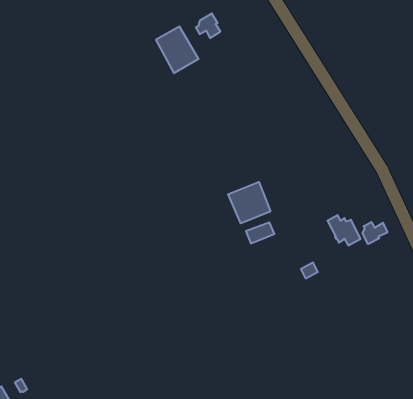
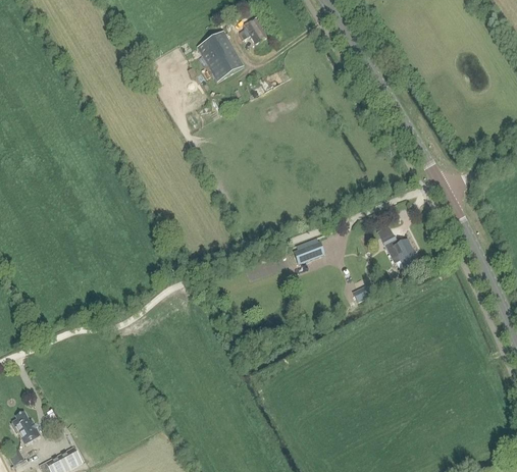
building: [228,182,270,223] -> none
building: [363,222,387,244] -> none

